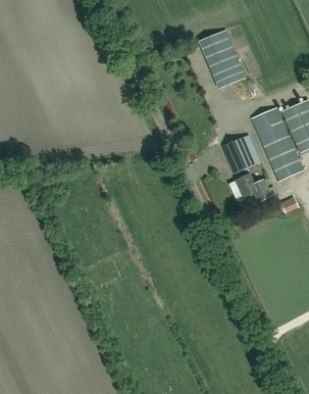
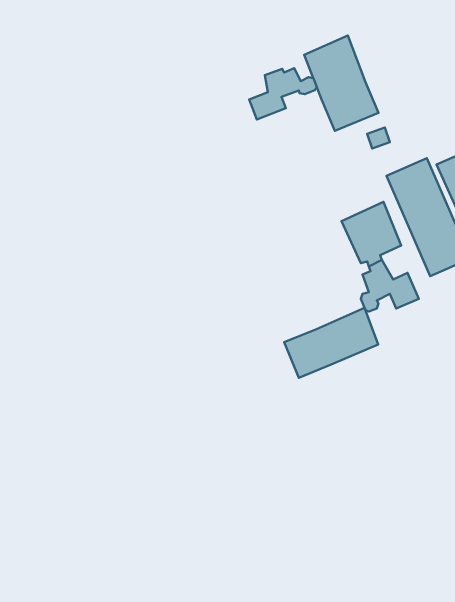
building: none -> [249,68,317,120]
building: none -> [284,308,378,378]

